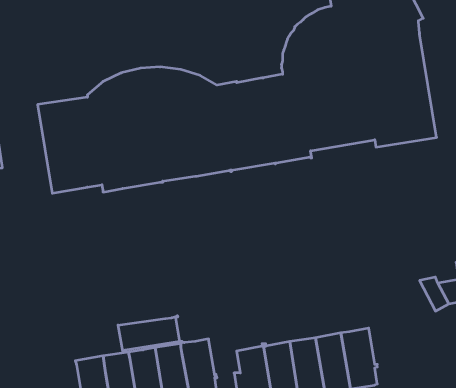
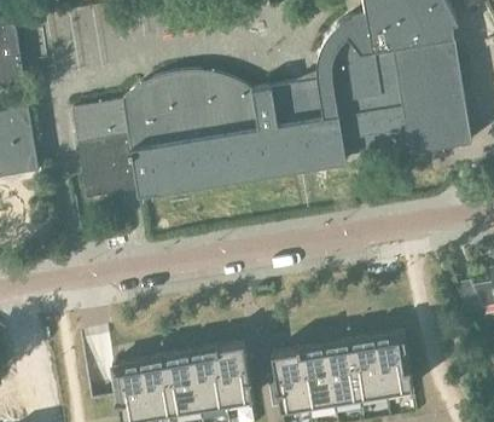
building: [118,316,180,351] -> none

